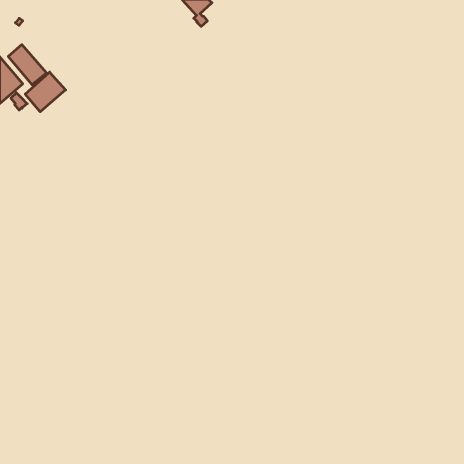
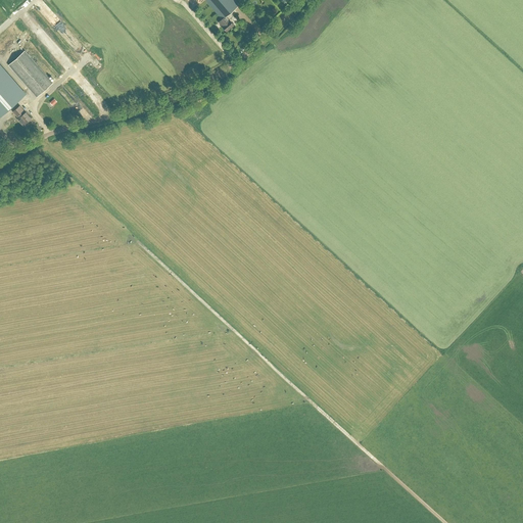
building: [25,72,66,112] -> none

